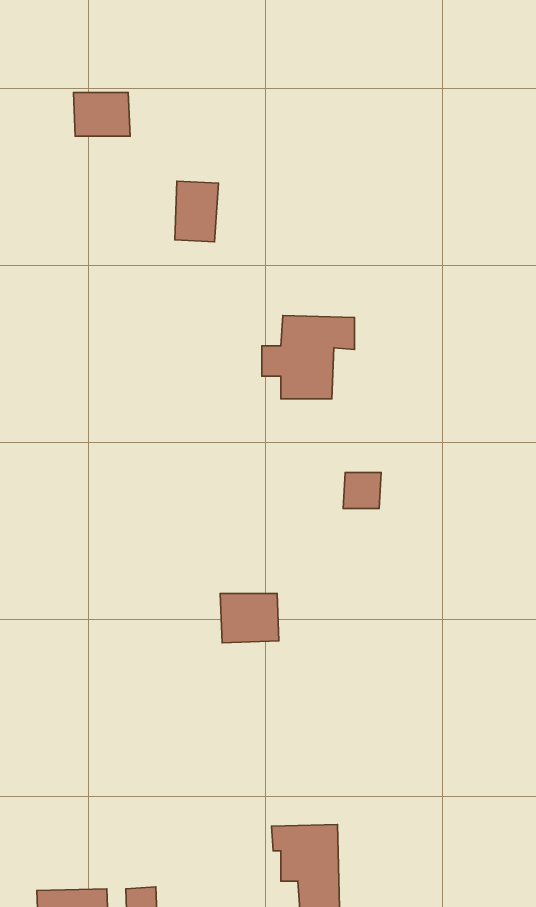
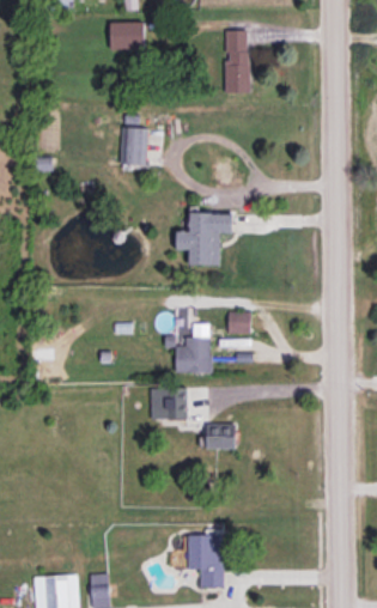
building: none -> [224,31,250,93]
building: [73,93,130,136] -> [109,23,145,50]
building: none -> [175,324,211,375]
building: none -> [206,424,236,450]

